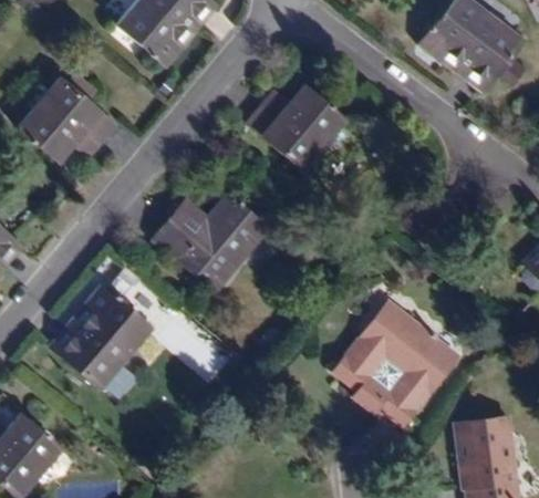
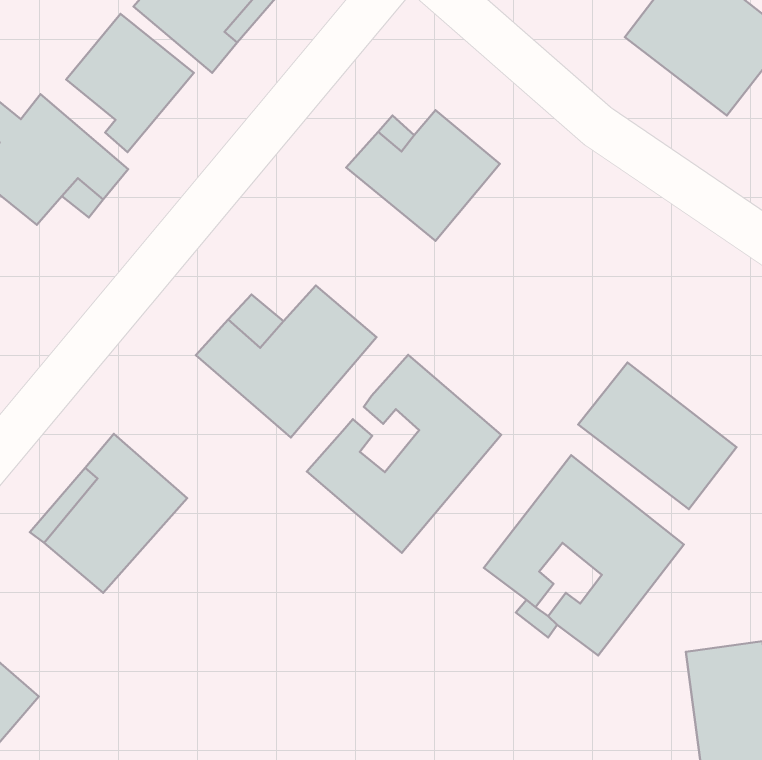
building: none -> [66,14,194,152]
building: none -> [307,355,501,553]
building: none -> [578,362,736,509]

